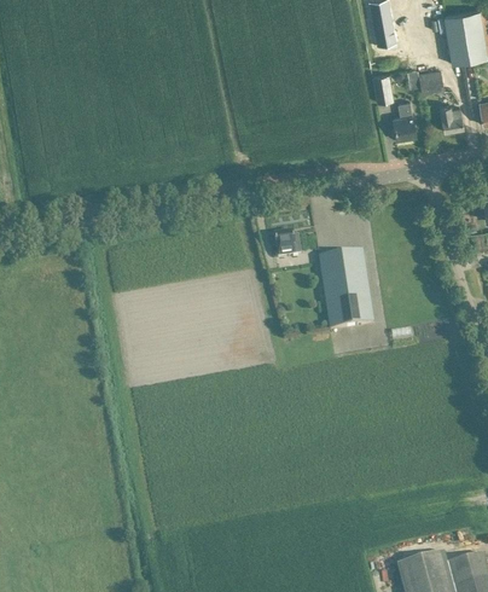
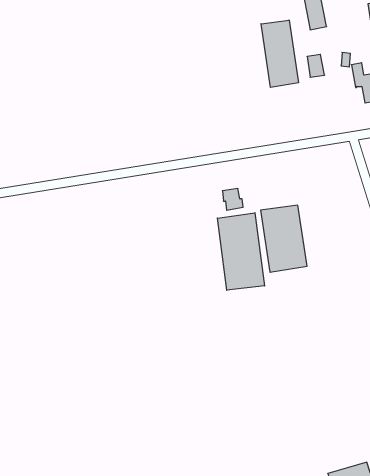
building: none -> [261,20,298,87]
building: [393,103,417,139] -> none
building: none -> [217,213,265,290]

